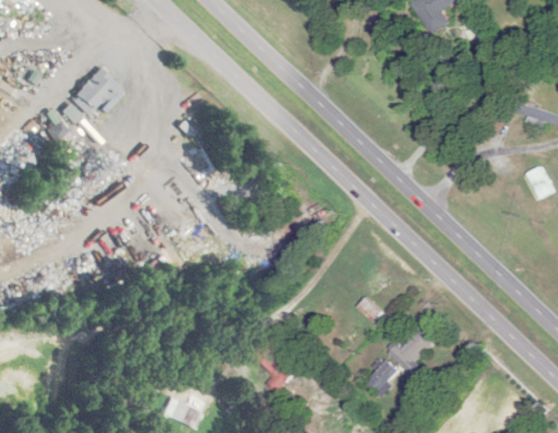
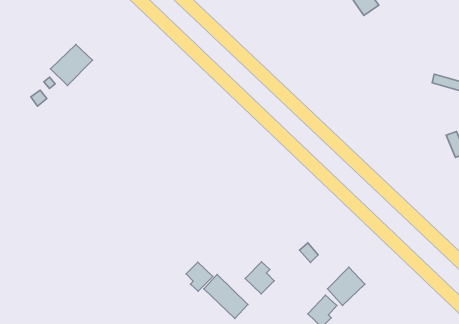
building: none -> [245,262,274,294]
building: none -> [186,262,213,291]

